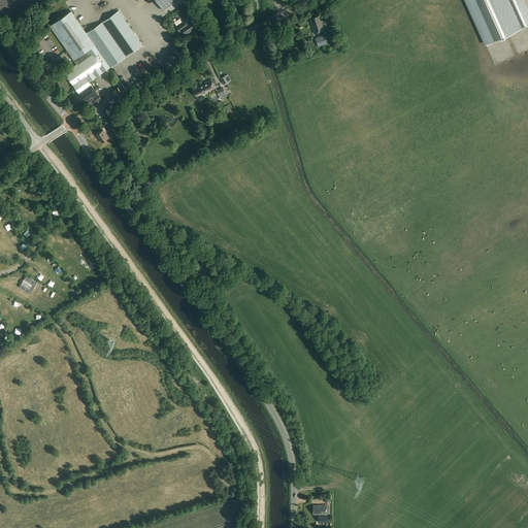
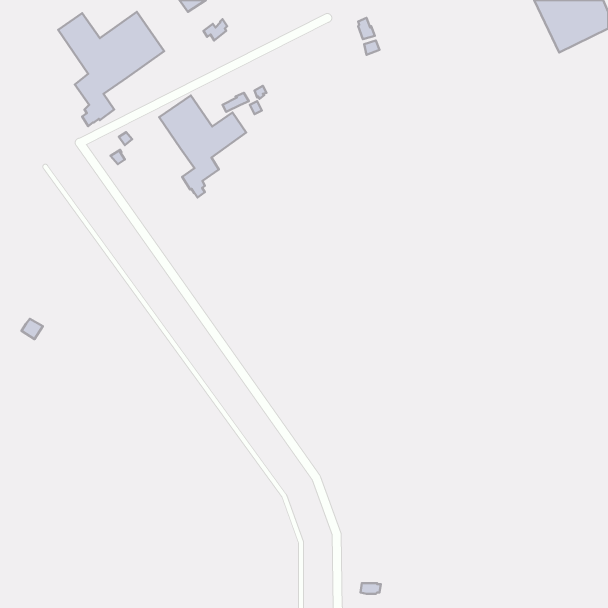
building: none -> [159,95,246,198]

